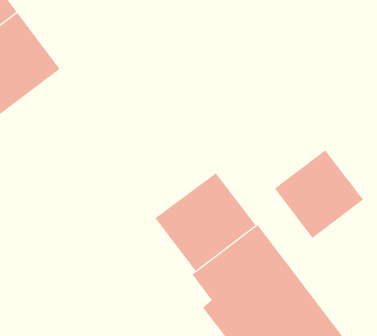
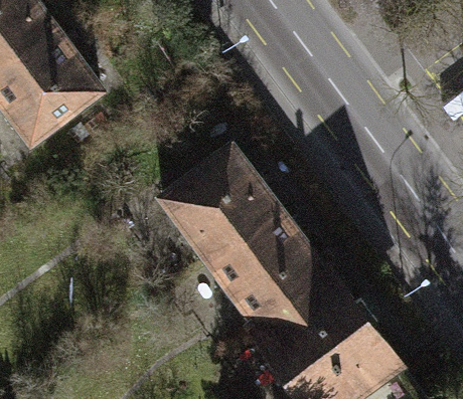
building: none -> [159,142,278,258]
building: [274,149,364,239] -> none

